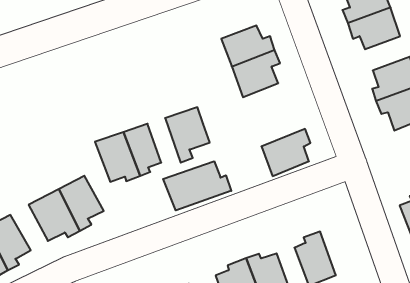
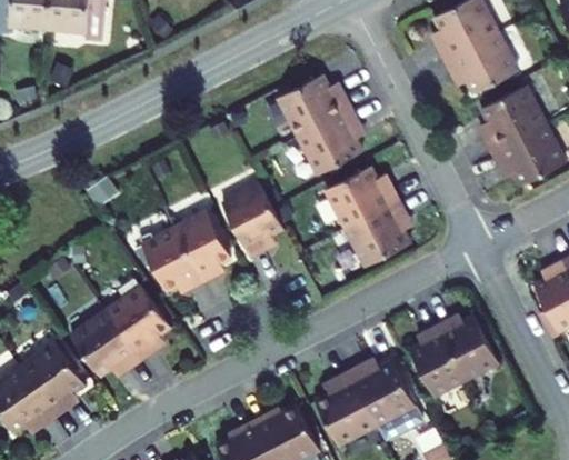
building: none -> [335,171,405,228]
building: [163,161,231,210] -> none
building: none -> [440,314,496,378]

